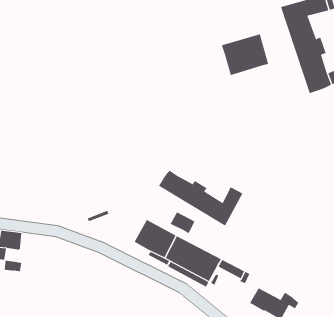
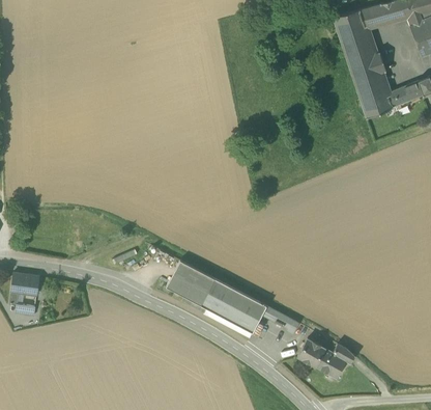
building: [221,34,269,76] -> none
building: [158,170,243,226] -> none
building: [170,211,195,234] -> none

